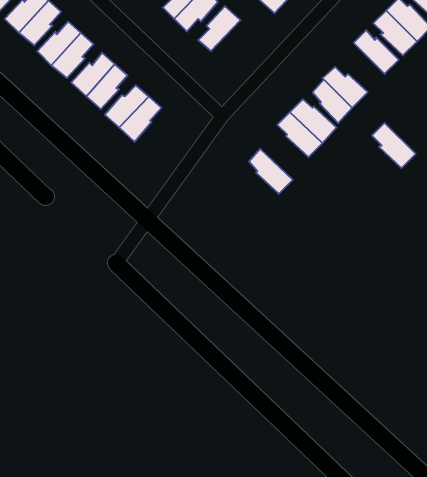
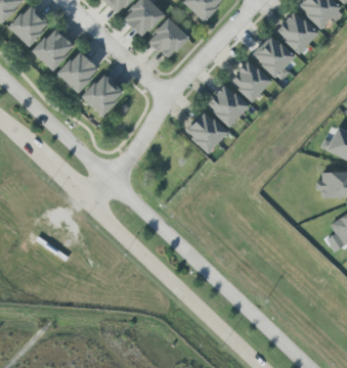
building: none -> [159,28,190,59]
building: [372,123,416,168] -> [253,44,285,77]
building: none -> [194,111,228,143]

